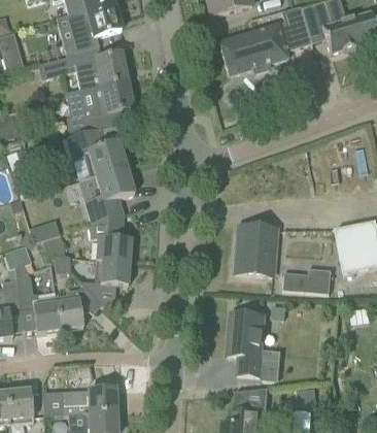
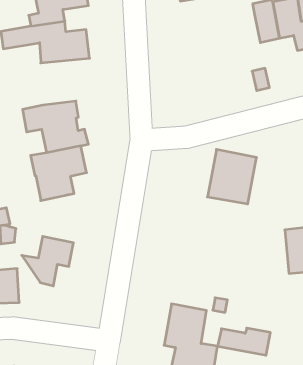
building: [217,23,287,75] -> none
building: [65,80,132,131] -> none
building: [90,216,132,263] -> none
building: [234,225,278,275] -> [207,149,257,204]
building: [281,268,332,293] -> [218,328,270,355]

